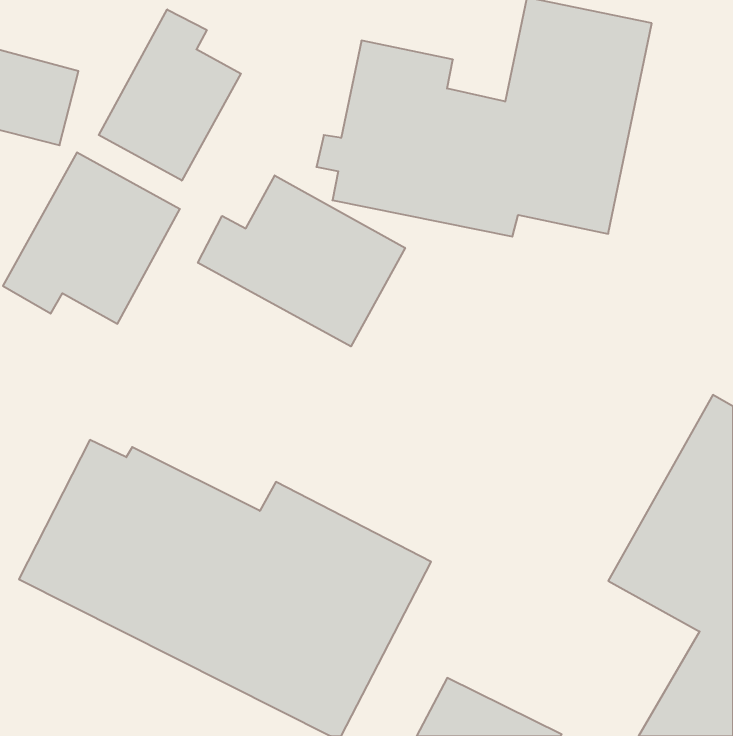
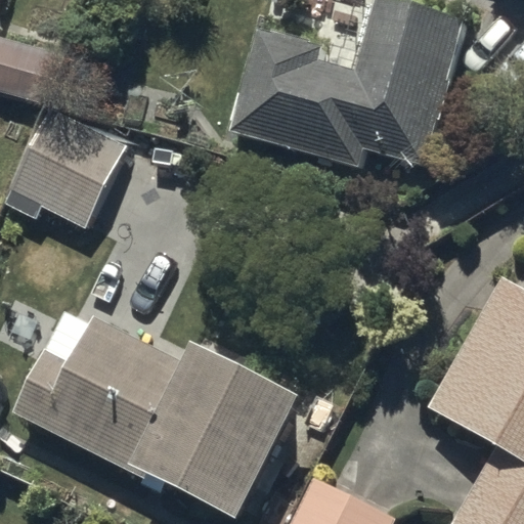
building: [99,9,241,181] -> none
building: [198,175,405,346] -> none

